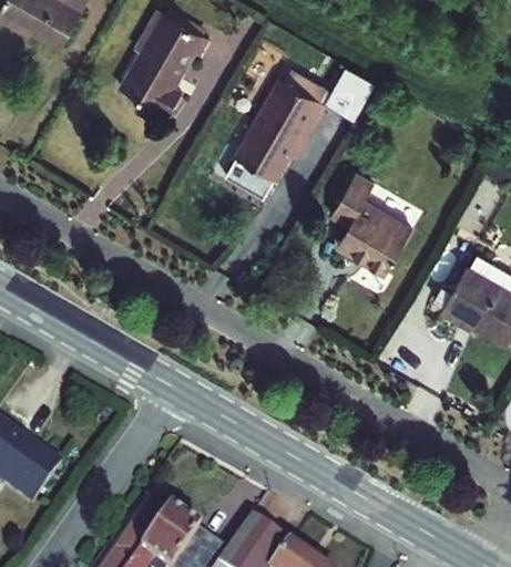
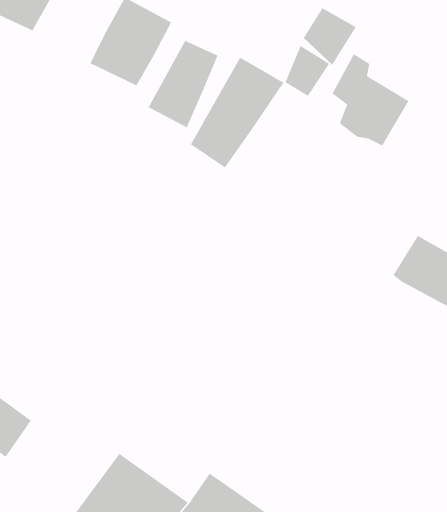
building: none -> [303,7,357,66]
building: none -> [148,40,218,128]
building: [334,168,417,268] -> [332,53,410,146]

